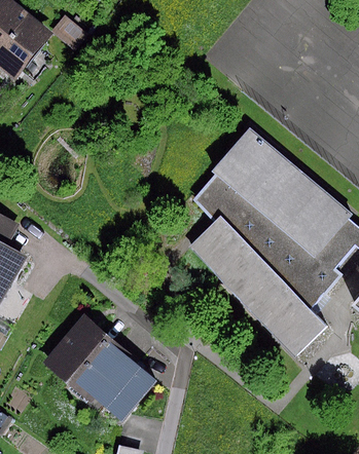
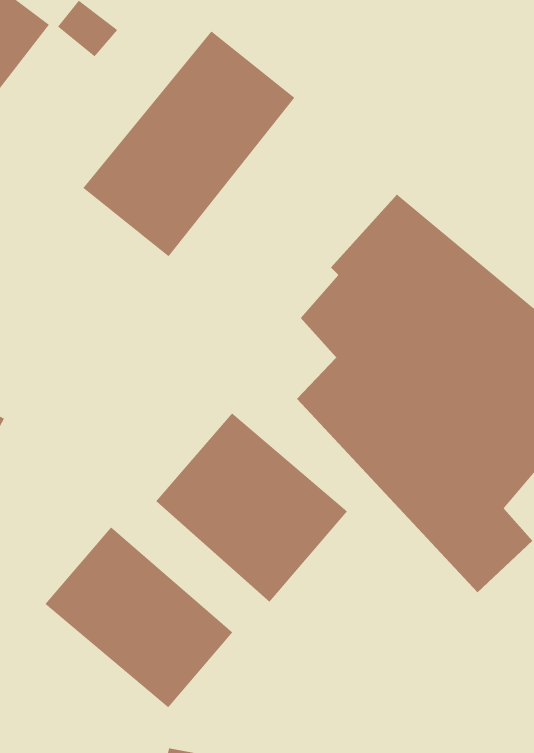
building: none -> [83,30,295,257]
building: none -> [156,412,348,602]

